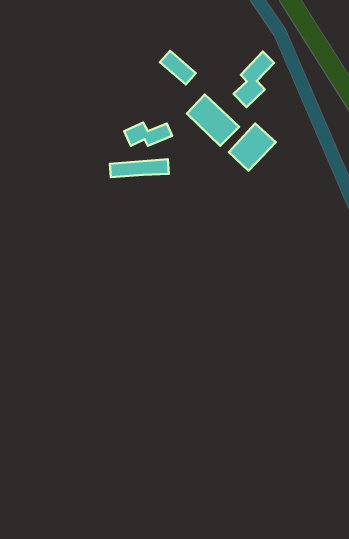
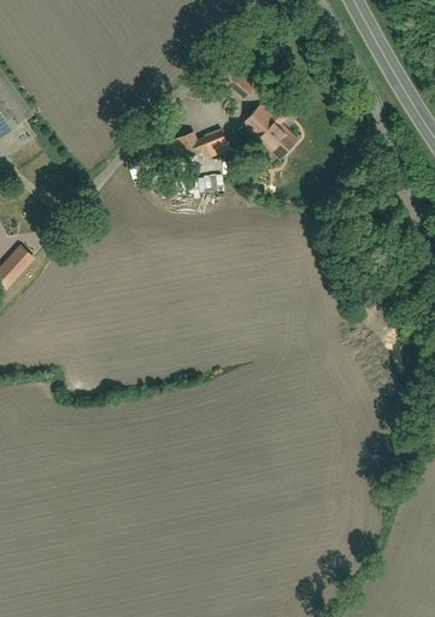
building: [233,52,274,107] -> none
building: [229,123,276,171] -> none

